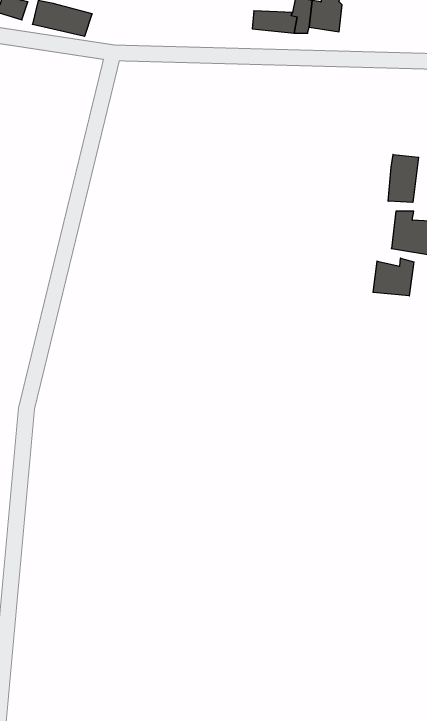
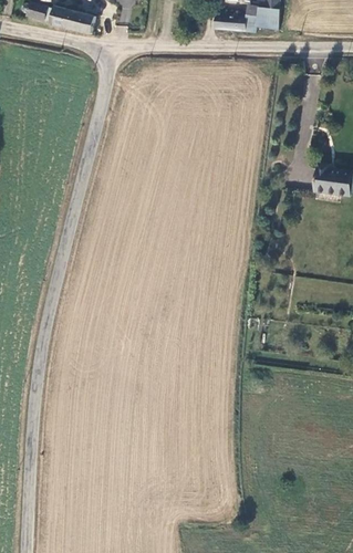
building: [388,154,419,202] -> none
building: [373,258,414,296] -> none

